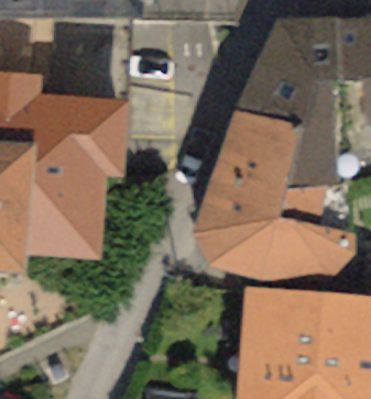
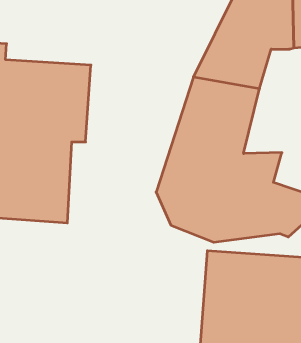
building: [284,80,338,188] -> none

